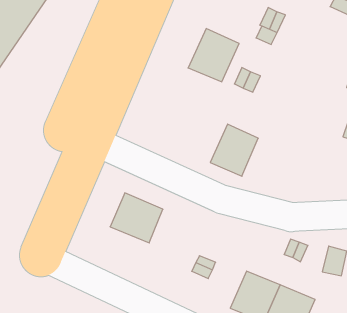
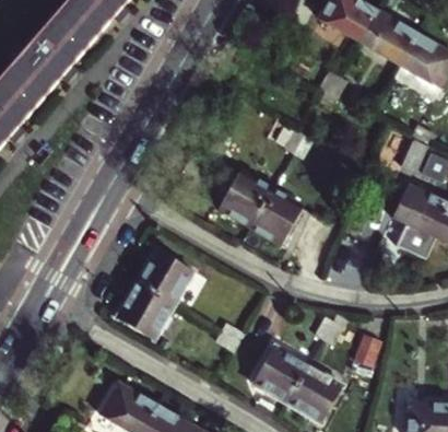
building: [188,29,239,82] -> [214,170,271,227]
building: none -> [115,283,174,341]

